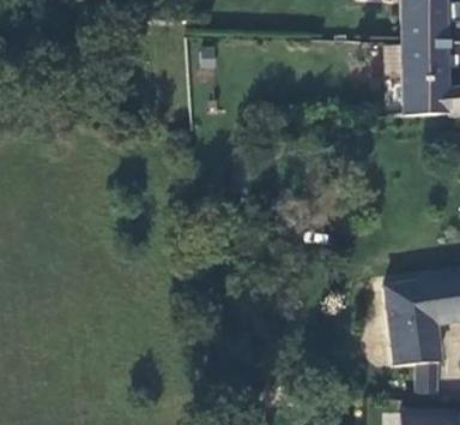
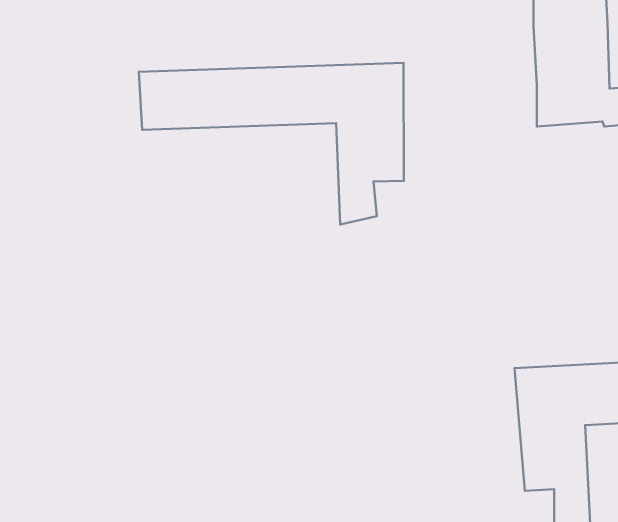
building: none -> [139,63,404,224]

